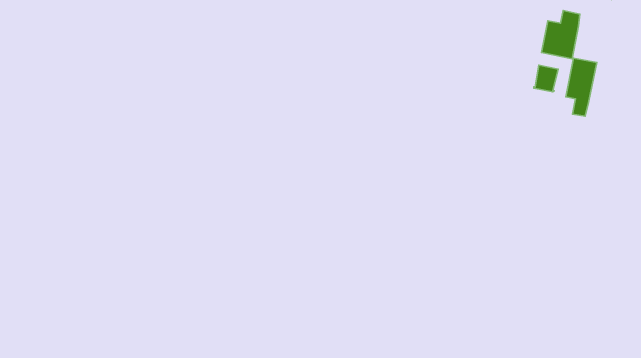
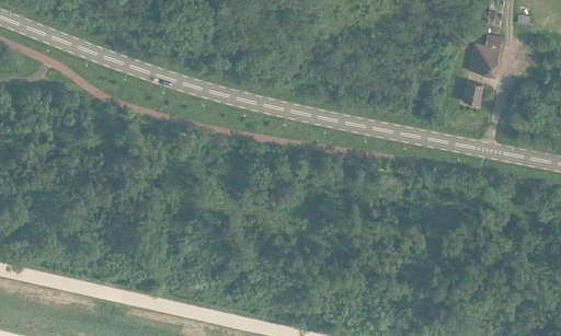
building: [566,58,597,116] -> none

